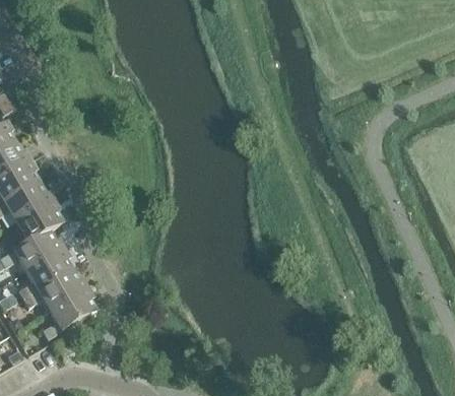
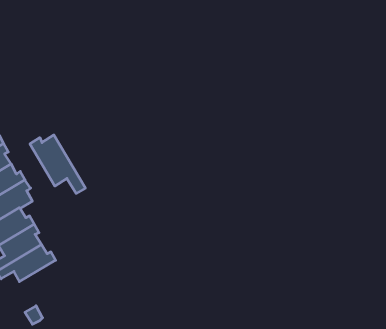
building: none -> [30,135,85,193]
building: [42,286,95,338] -> none

